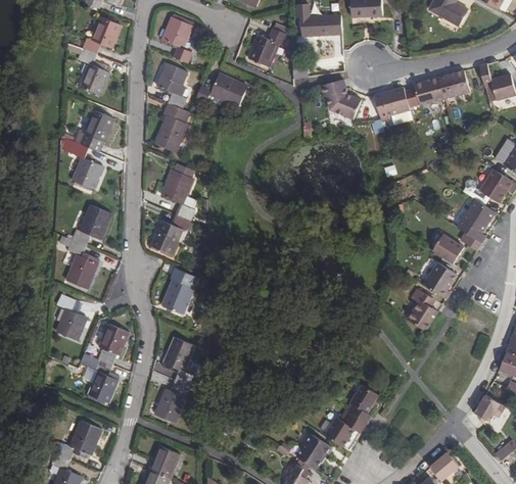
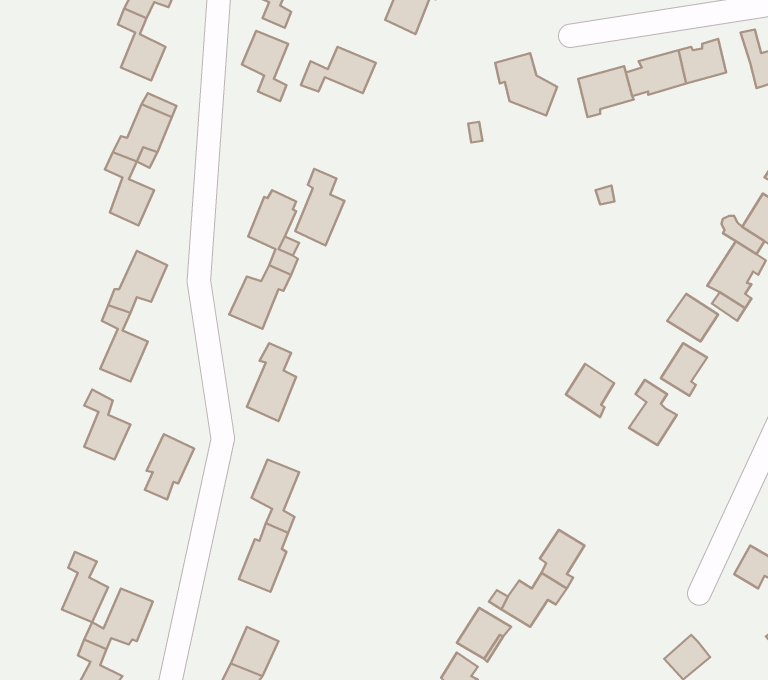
building: [156,103,188,152] -> [295,169,345,245]
building: none -> [566,364,614,417]
building: [88,358,118,403] -> [62,552,108,622]

